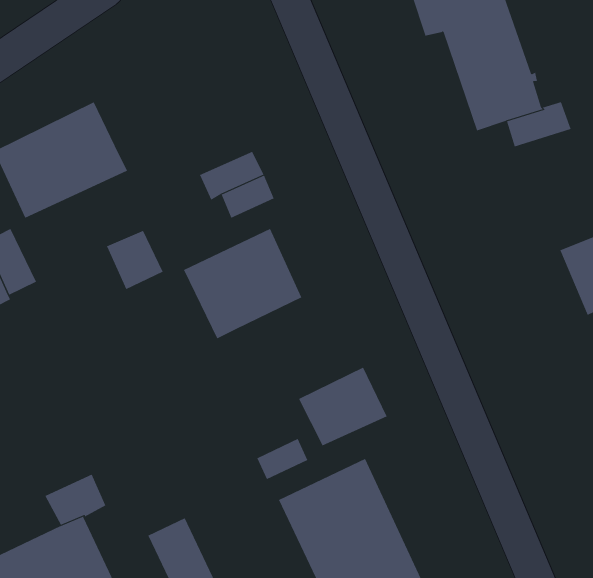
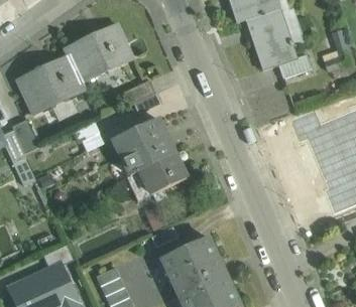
building: none -> [64,23,132,82]
building: [298,367,387,446] -> [140,154,186,194]

